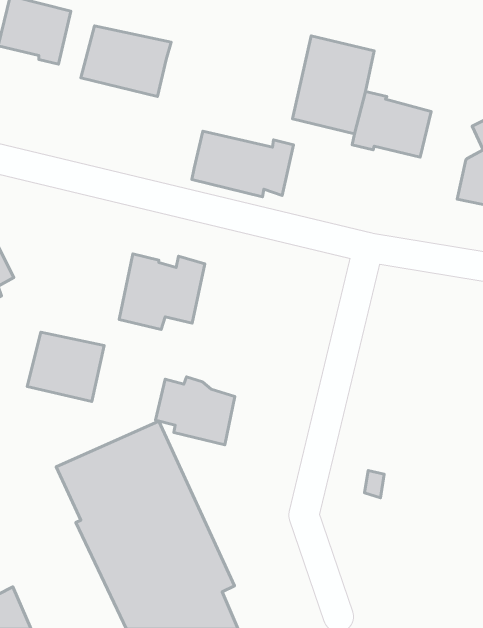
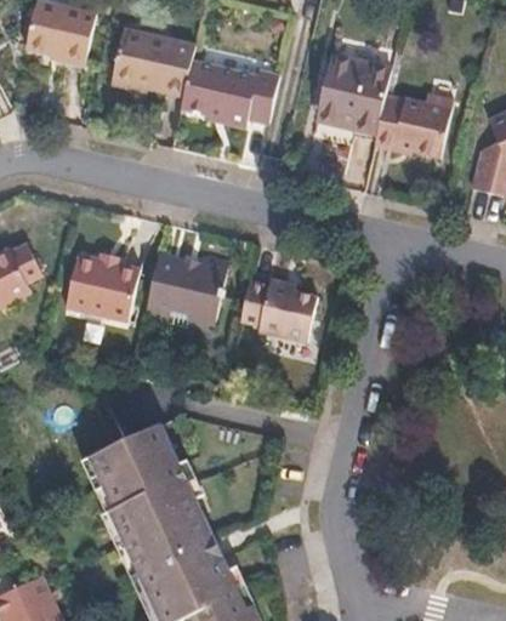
building: [192,131,293,197] -> [178,61,278,125]
building: [27,332,104,401] -> [62,256,137,324]
building: [155,377,235,445] -> [238,279,315,346]

